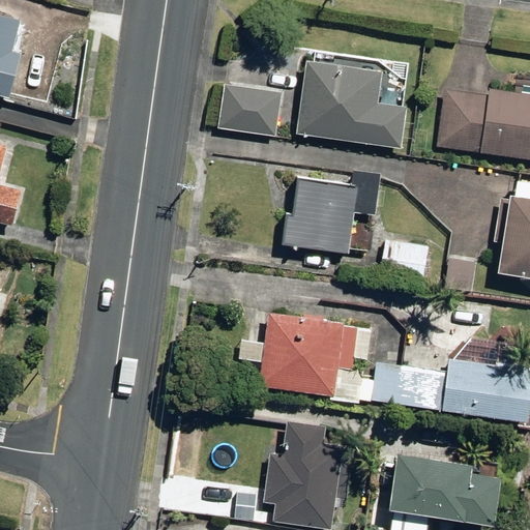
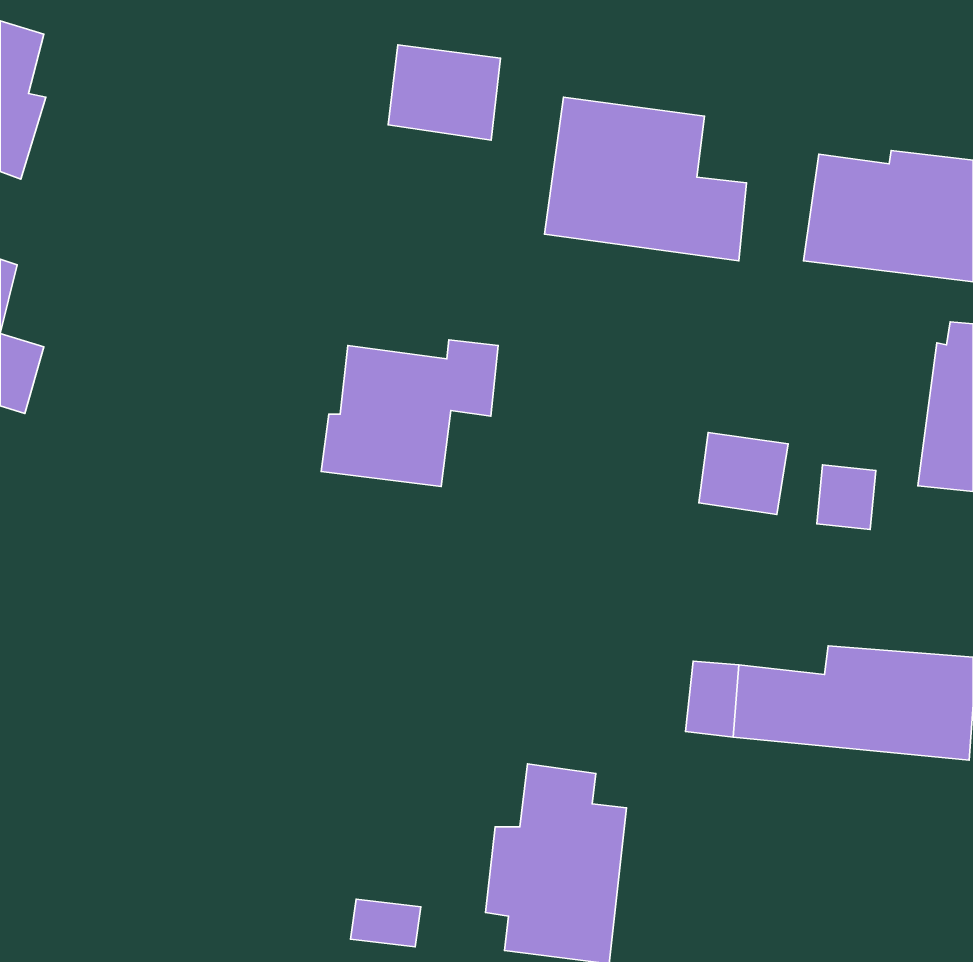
building: [219,86,281,138] -> [388,45,501,140]
building: [283,172,379,252] -> [321,340,498,487]
building: [259,312,343,396] -> none
building: [391,450,499,518] -> none

